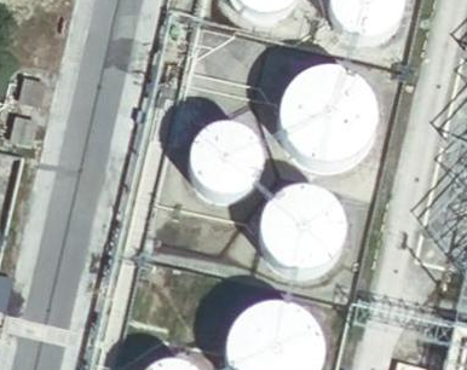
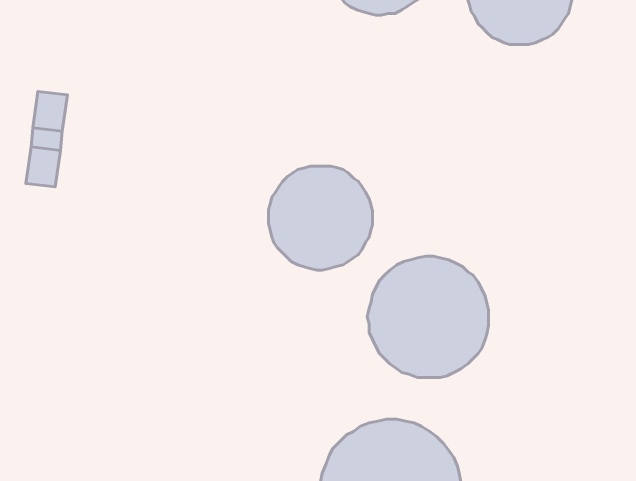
building: [278,63,376,162] -> none

